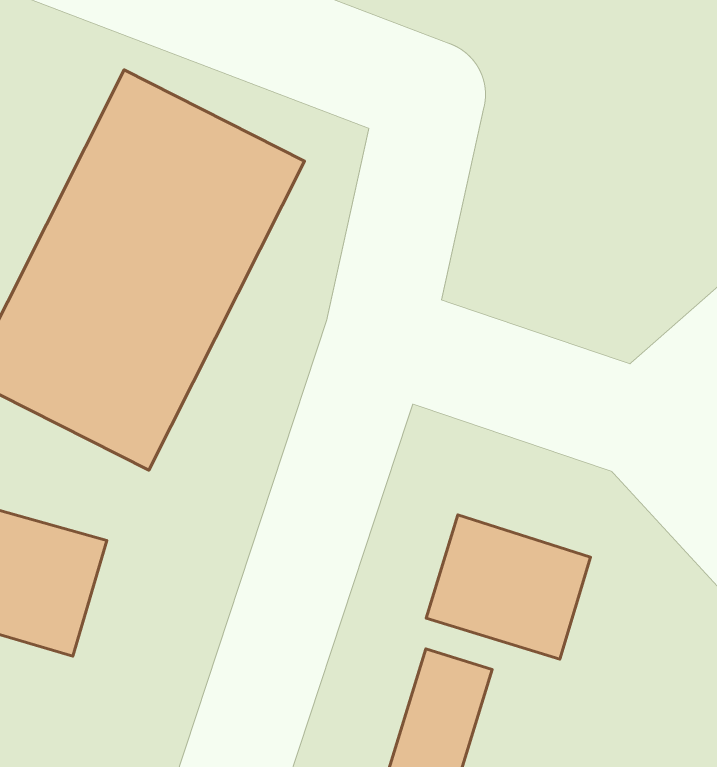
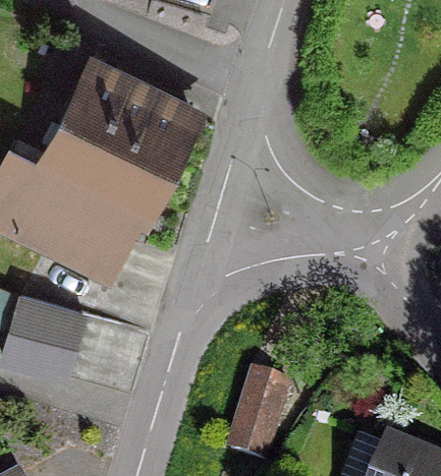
building: [426,515,591,659] -> none

